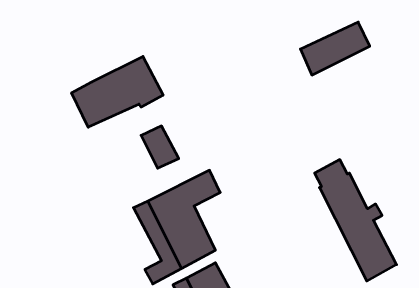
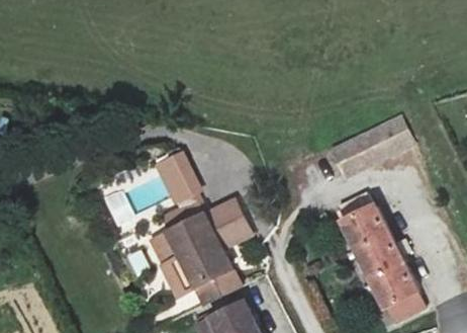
building: [300,22,370,75] -> [338,118,410,174]
building: [72,56,163,127] -> none

